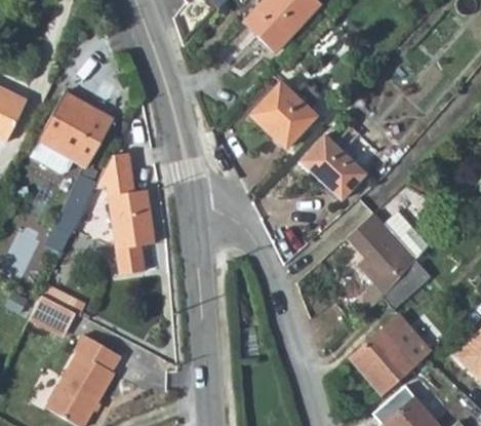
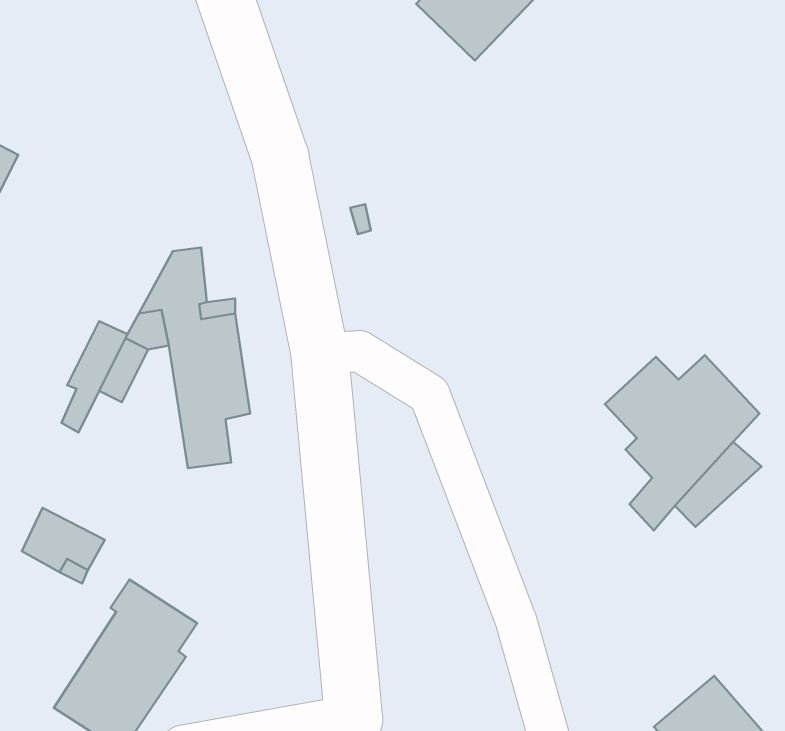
building: [250,80,317,147] -> none
building: [35,91,113,168] -> none
building: [300,134,366,200] -> none
building: [348,315,414,394] -> none

